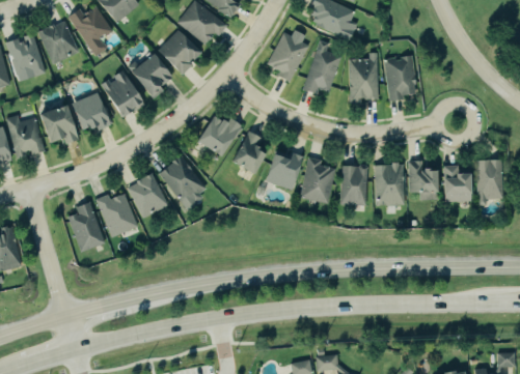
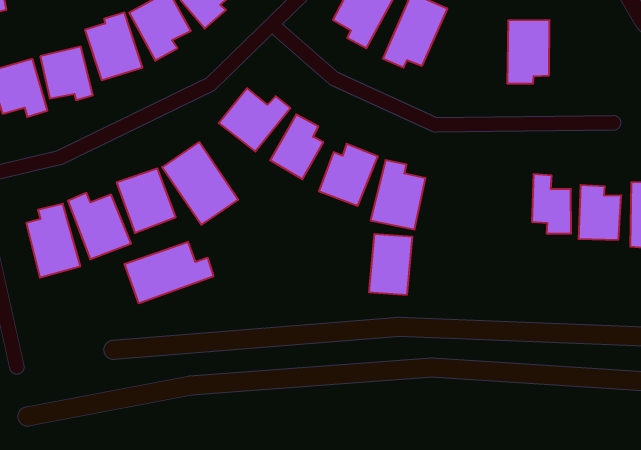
building: [349,52,380,104] -> none
building: [376,164,406,206] -> none
building: [343,166,370,205] -> [369,234,412,295]
building: none -> [125,242,213,303]

